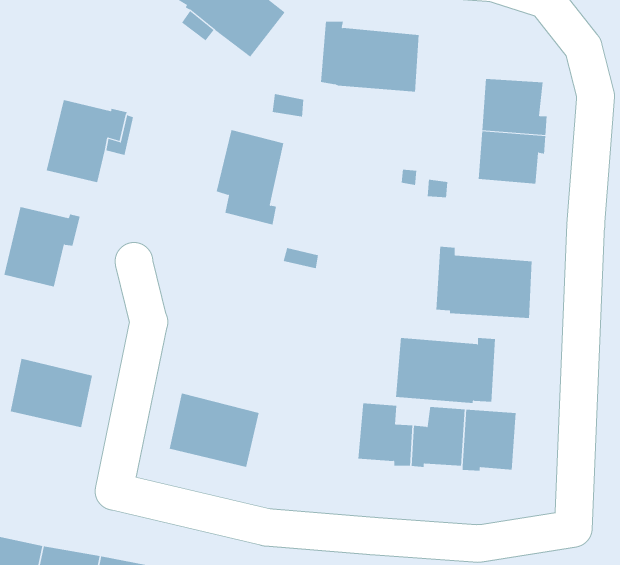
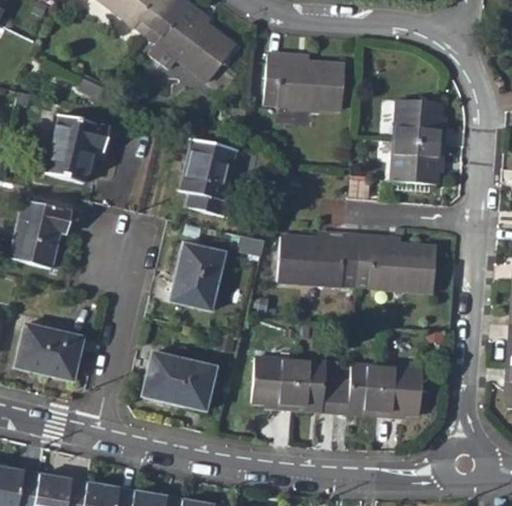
building: none -> [170,243,225,310]
building: [395,338,496,404] -> [279,233,360,286]
building: none -> [252,357,298,408]

